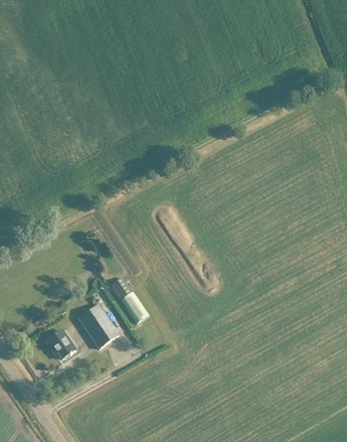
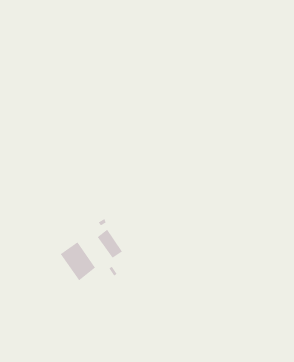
building: [44,328,73,357] -> none

